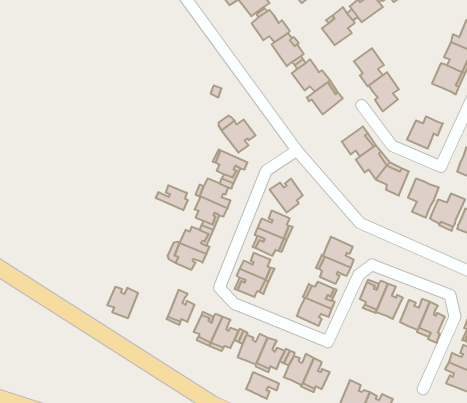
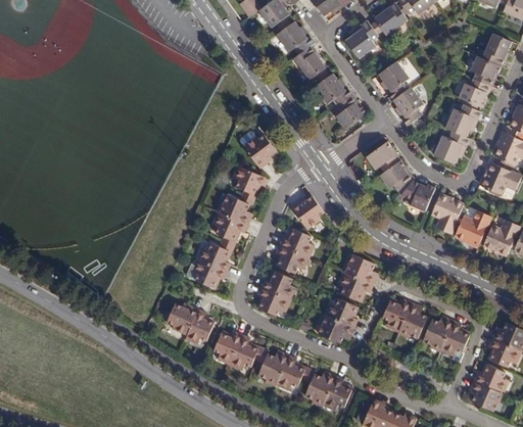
building: none -> [443,103,480,137]
building: [156,185,188,210] -> none
building: [107,287,138,318] -> [167,301,198,333]
building: [246,372,279,399] -> none

